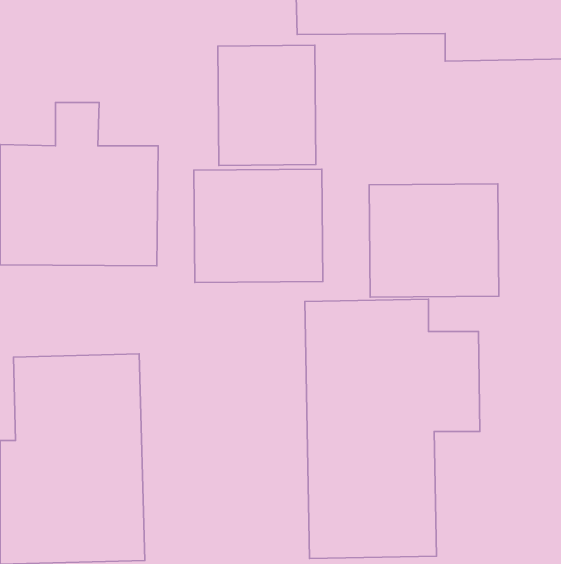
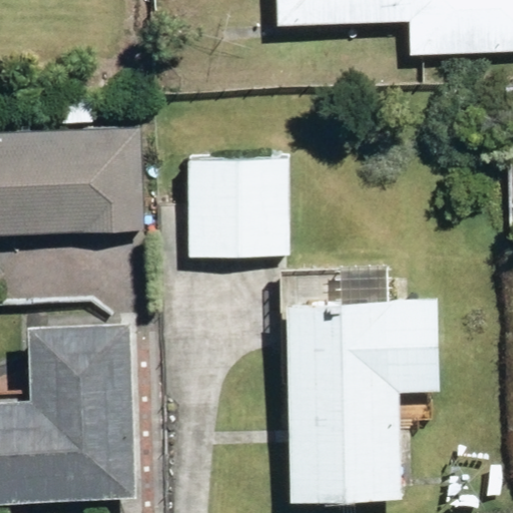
building: [218,45,316,165] -> none
building: [369,184,499,297] -> none

